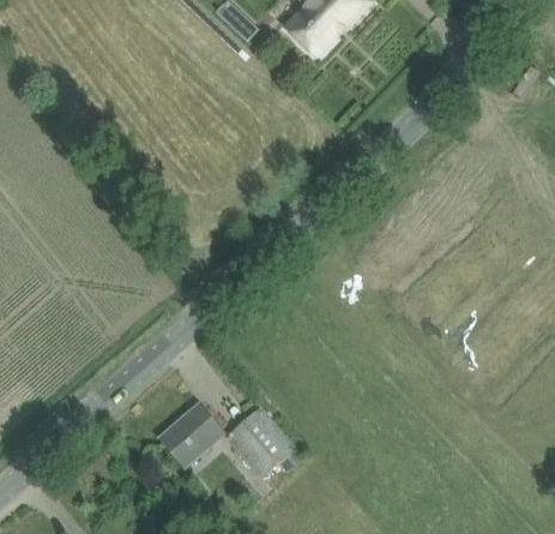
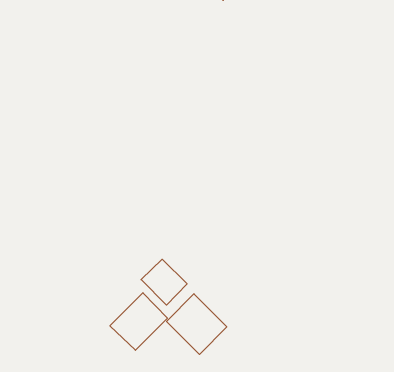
building: none -> [141,259,187,305]

